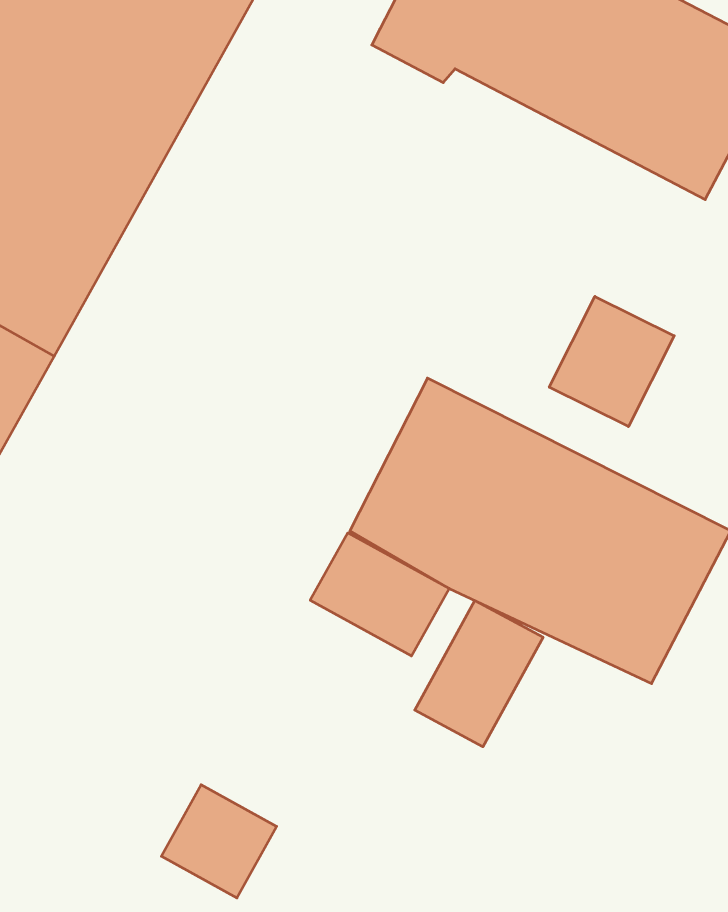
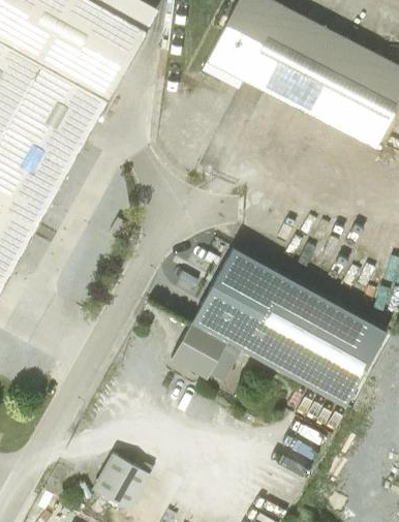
building: [549,296,674,427] -> none
building: [415,601,543,747] -> none

